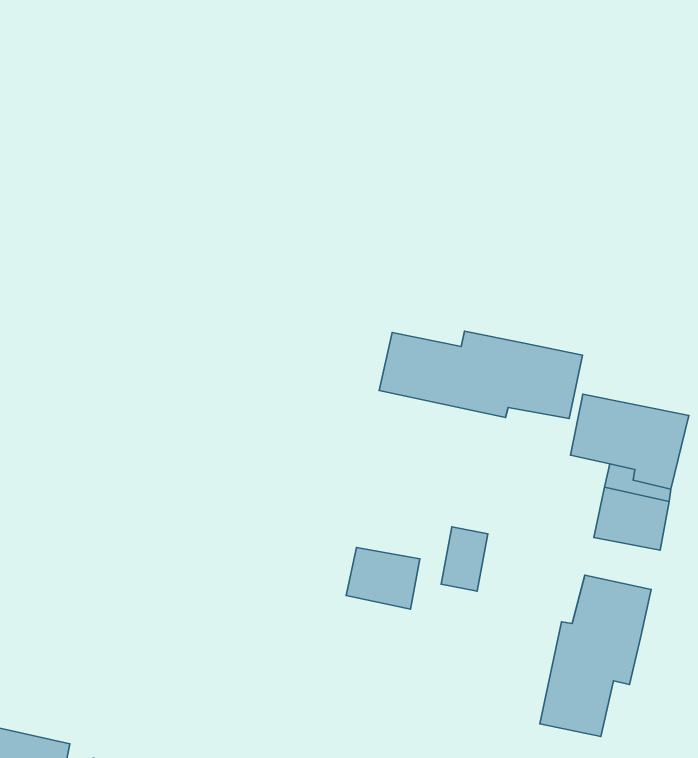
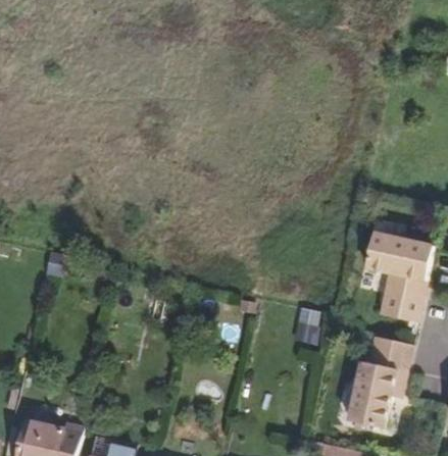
building: [379,331,583,418] -> none
building: [346,548,420,609] -> none

